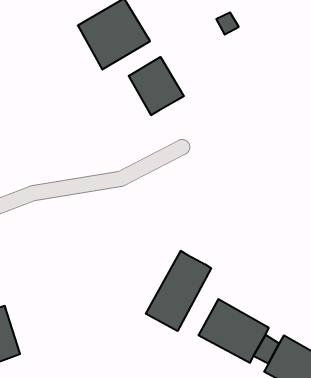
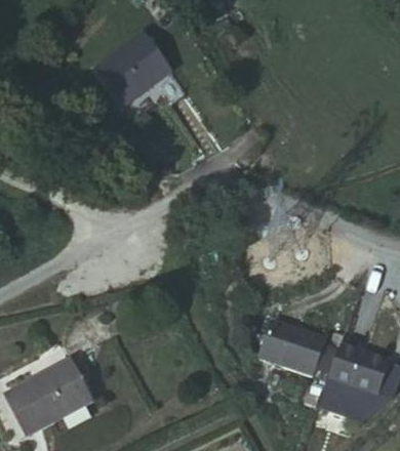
building: [129,57,184,115] -> none
building: [146,251,211,331] -> none

